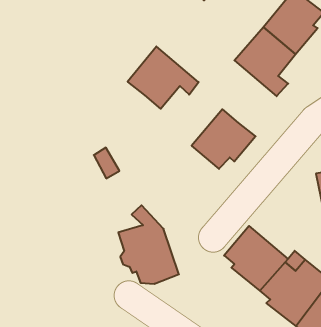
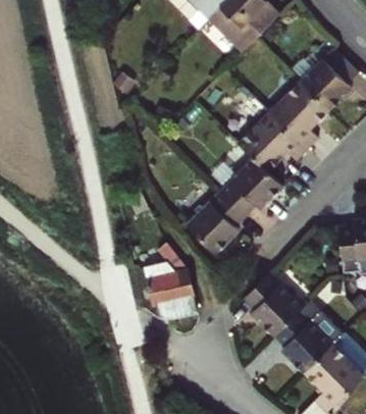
building: [128,46,199,109] -> [239,112,307,172]
building: none -> [188,191,246,254]

